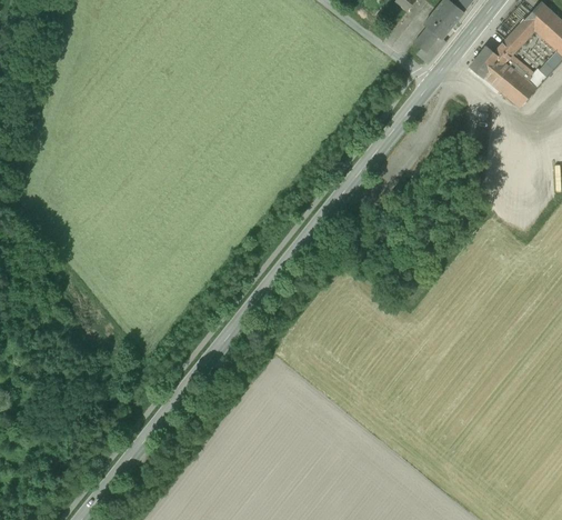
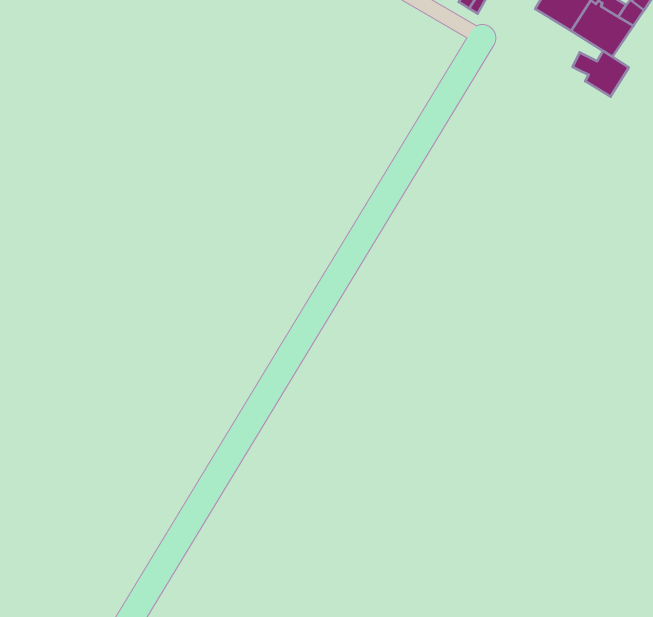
building: none -> [573,51,629,97]

